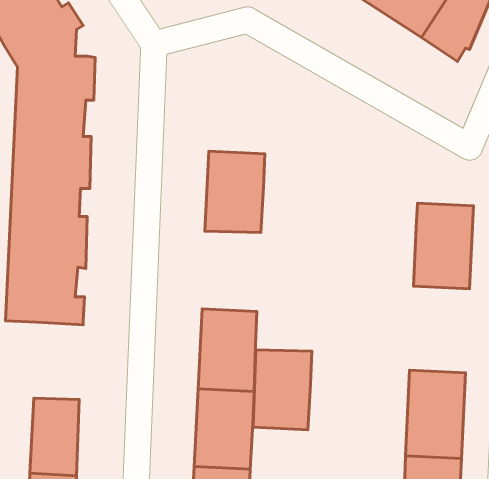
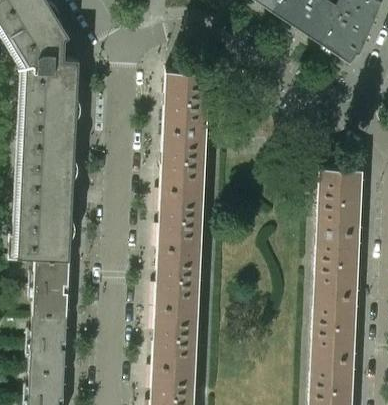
building: none -> [164,68,209,131]
building: none -> [314,230,359,295]
building: none -> [33,257,70,315]
building: [253,350,312,430] -> [159,189,203,249]

